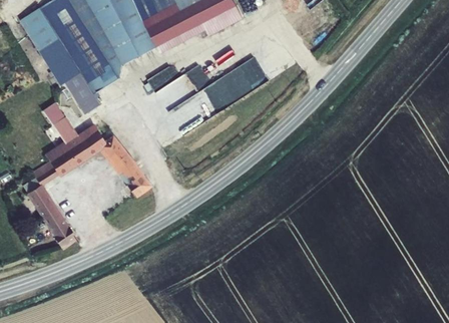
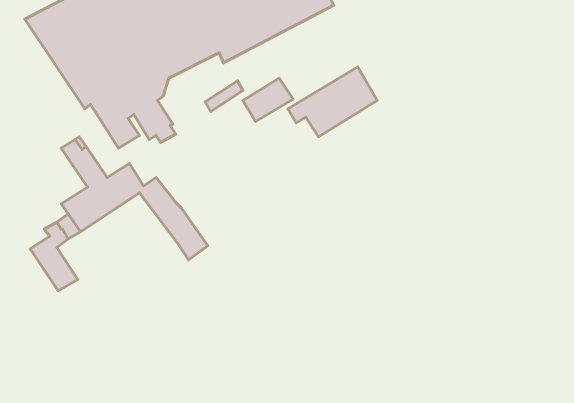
building: [42,208,75,246] -> none

